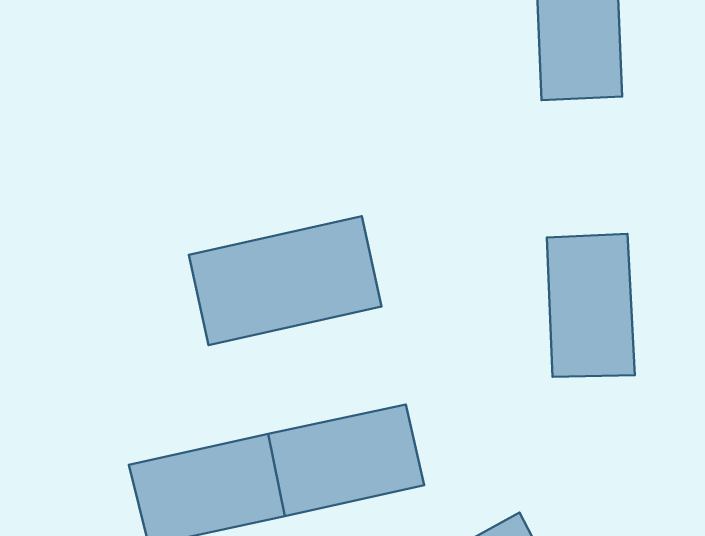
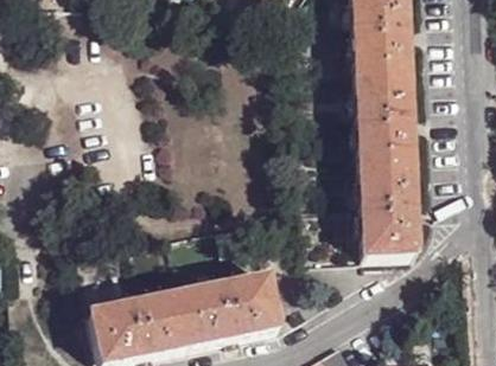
building: none -> [356,73,412,165]
building: [189,216,381,345] -> none

